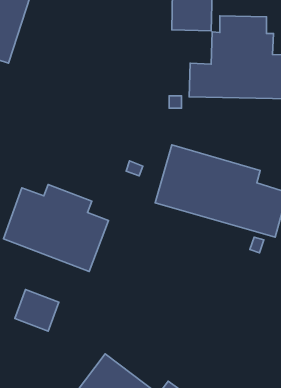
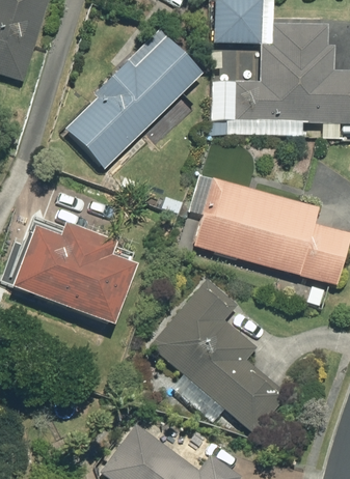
building: none -> [64,35,203,168]
building: none -> [150,280,287,433]
building: [15,290,59,331] -> none

